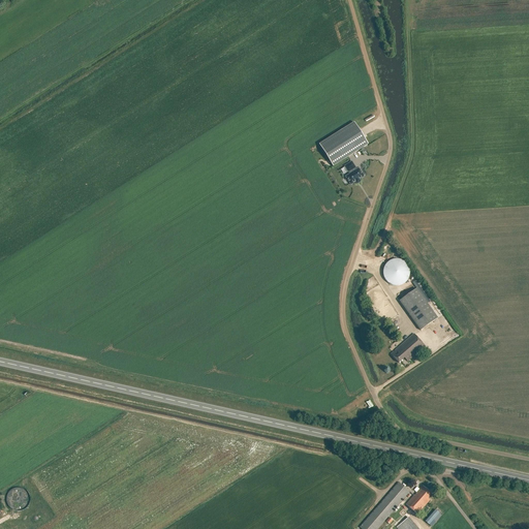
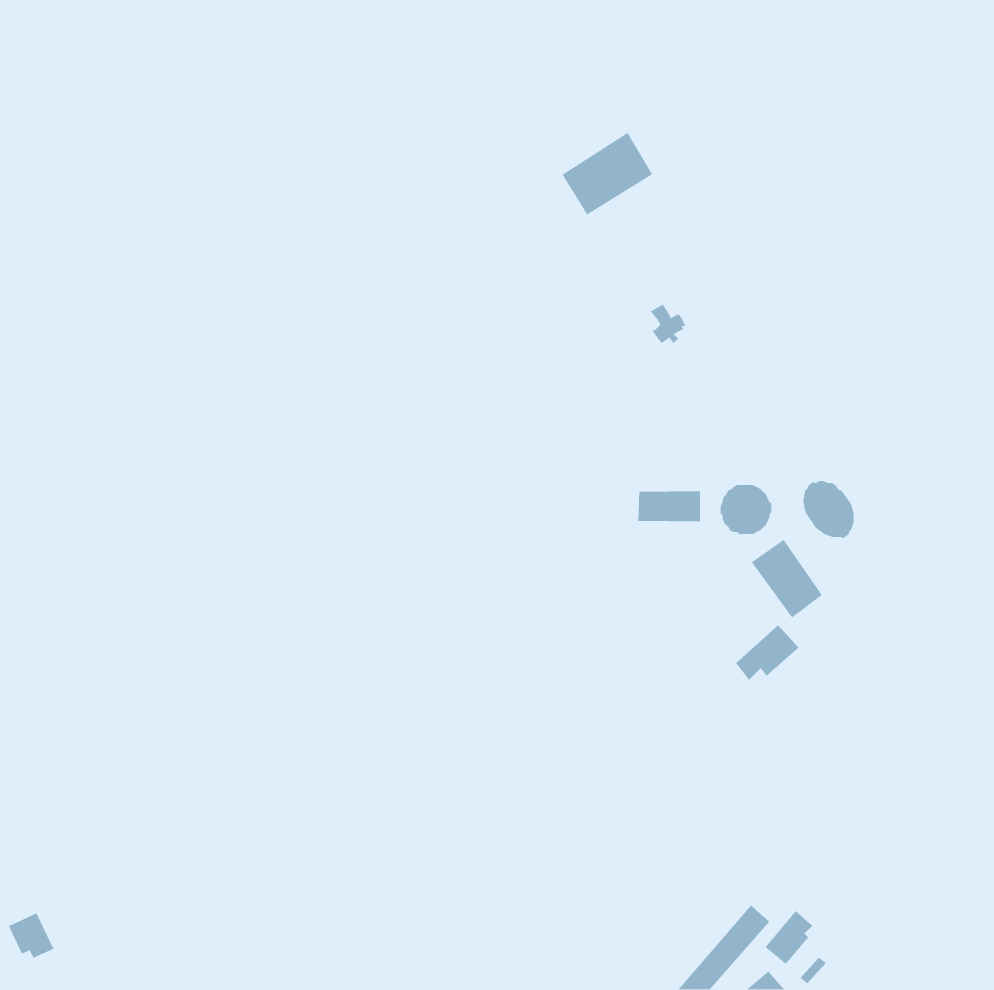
building: [319,120,368,164] -> [562,132,653,215]
building: none -> [802,480,855,539]
building: none -> [637,491,701,522]

